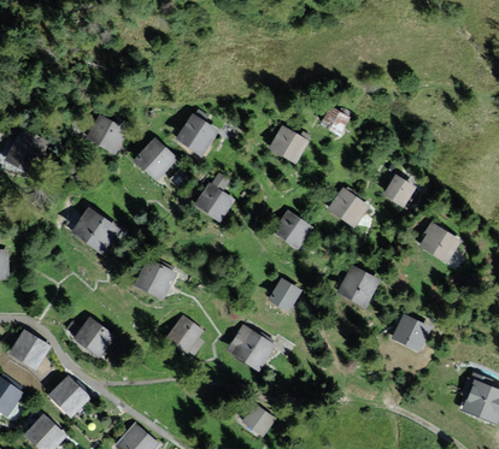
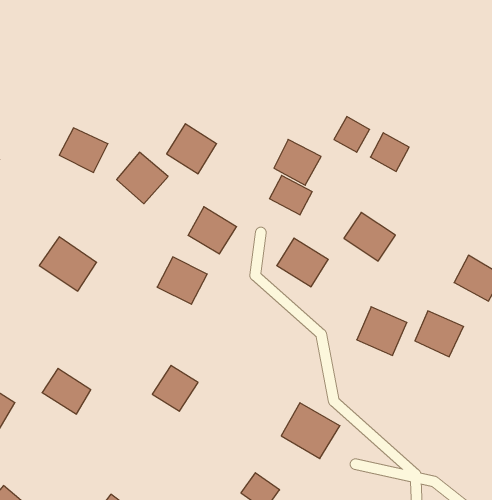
building: none -> [270,175,312,215]
building: [384,173,417,206] -> [370,133,409,171]
building: [135,258,177,297] -> [157,257,207,304]
building: [270,279,304,312] -> none
building: [393,313,434,351] -> [415,311,464,357]
building: [227,325,276,372] -> [281,403,340,459]
building: [47,374,92,419] -> none

